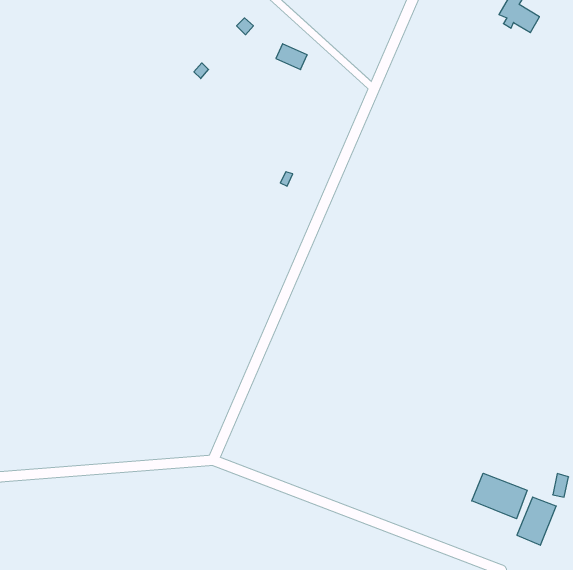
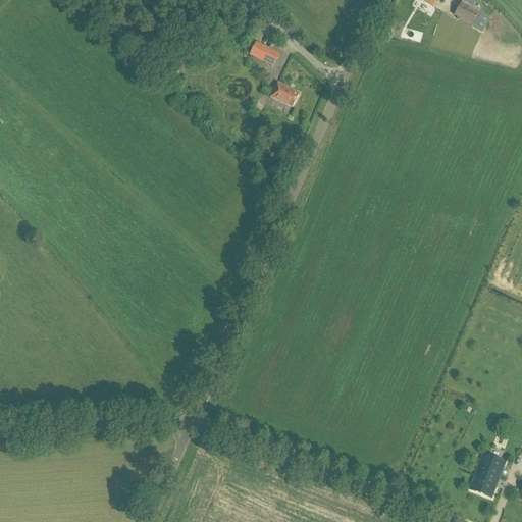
building: none -> [271,81,300,105]
building: [472,473,527,519] -> none

